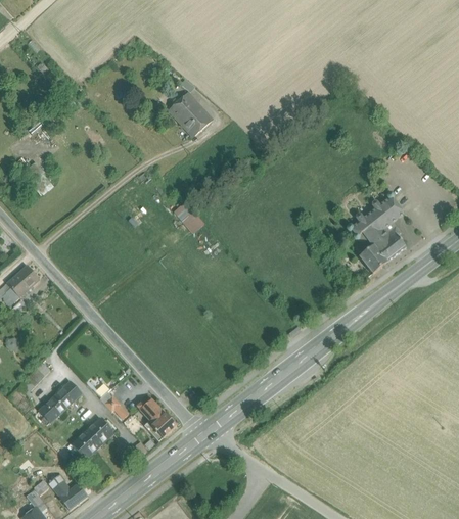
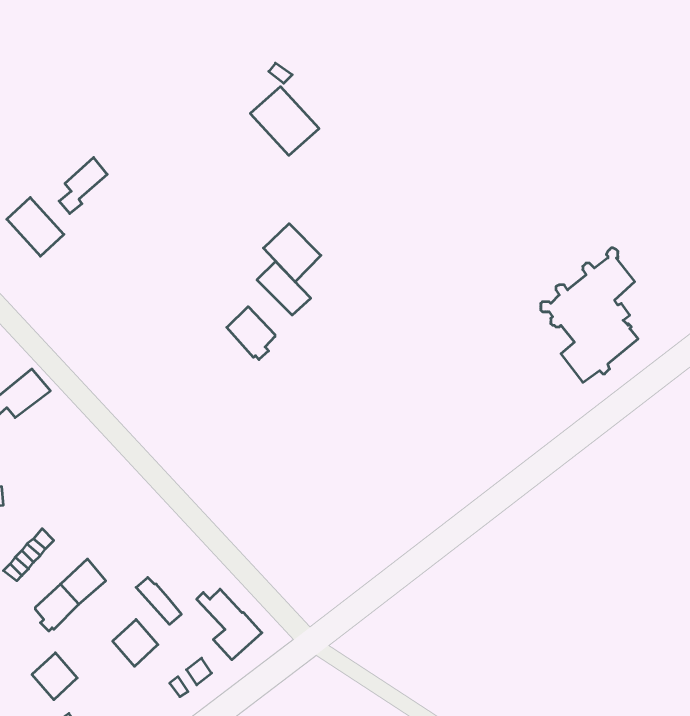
building: none -> [59,157,107,214]
building: none -> [263,224,321,282]
building: none -> [227,307,275,360]
building: [71,430,98,459] -> [32,653,77,700]

